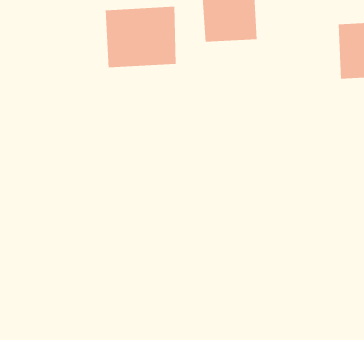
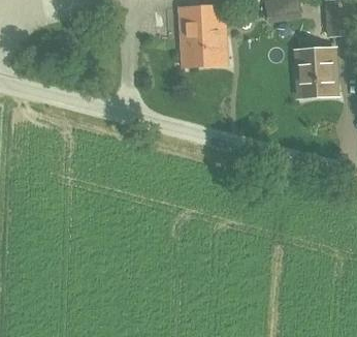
building: [105,6,176,68] -> none

